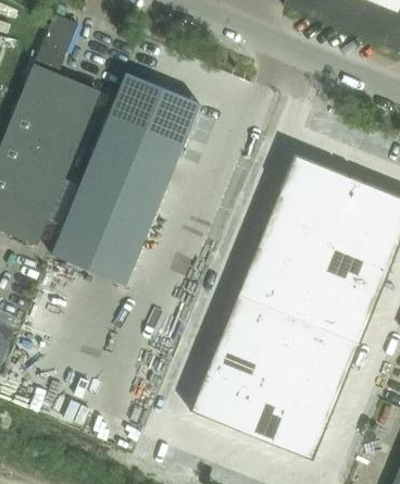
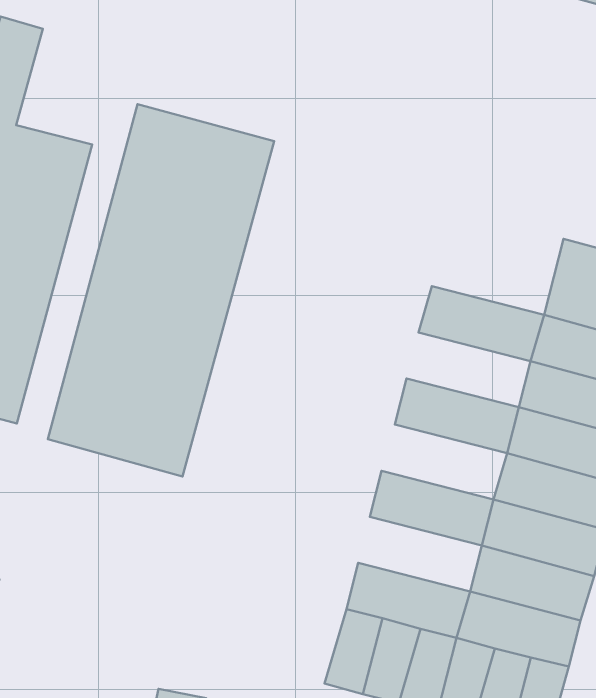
building: [278,154,355,220] -> none
building: [258,221,328,270] -> none
building: [237,271,309,320] -> none
building: [217,321,288,370] -> none

